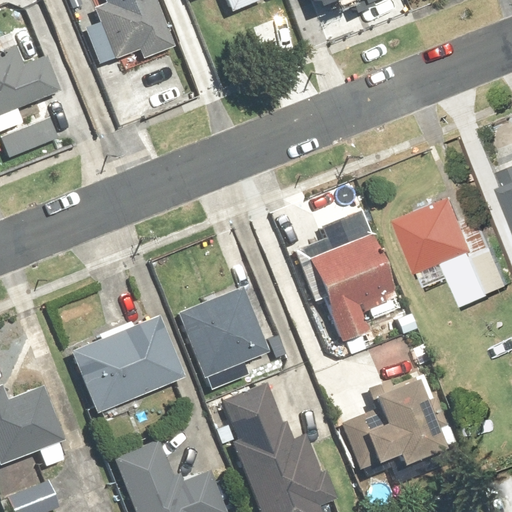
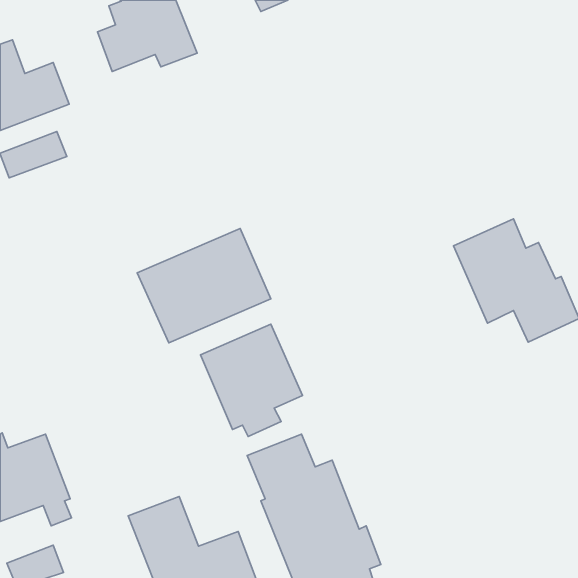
building: [307,230,403,342] -> none
building: [70,310,188,411] -> [137,229,271,343]
building: [340,375,446,463] -> none

